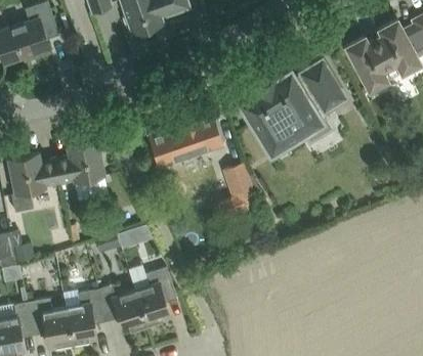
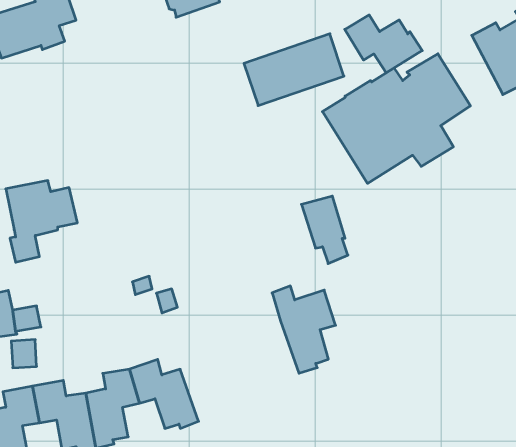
building: none -> [345,15,422,73]
building: [149,115,221,167] -> [244,34,344,106]
building: [53,140,109,202] -> none
building: [128,264,174,327] -> [272,286,336,373]

